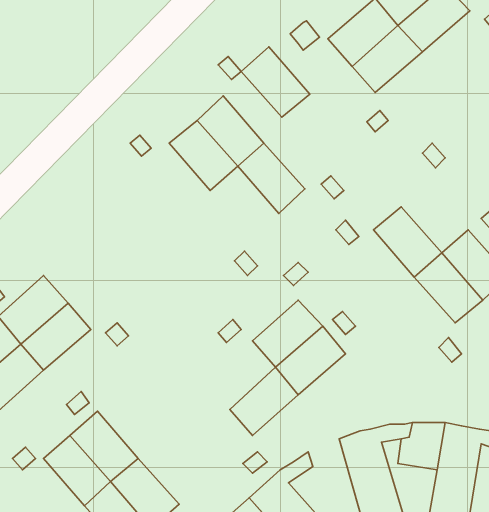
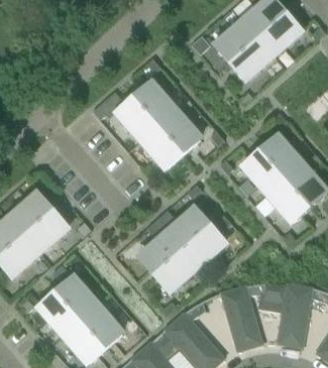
building: [241,47,310,117] -> [141,125,184,168]
building: none -> [259,136,301,178]
building: none -> [138,233,182,275]

